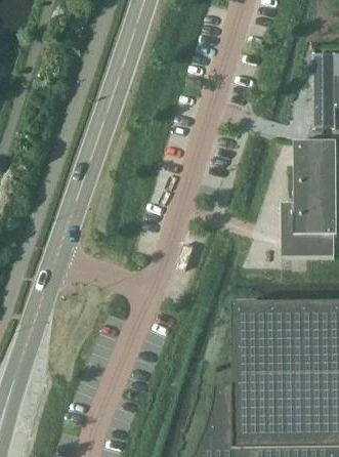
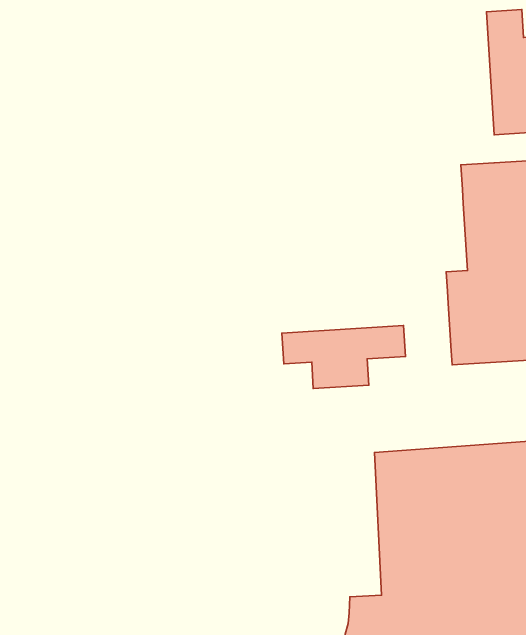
building: none -> [282,325,405,389]

